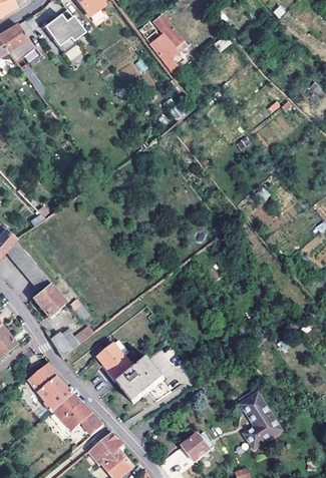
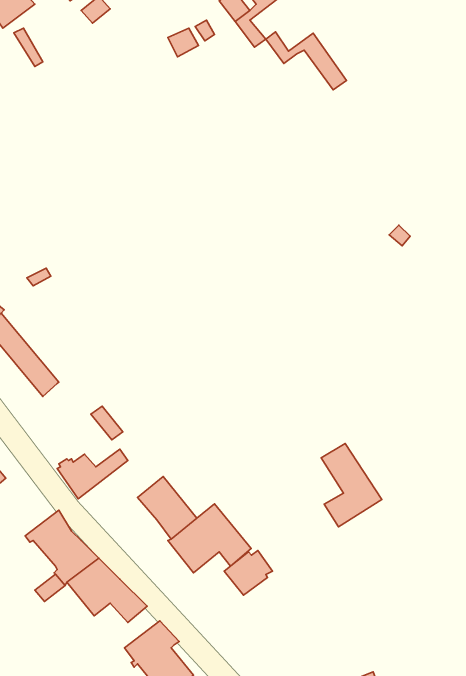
building: none -> [266,32,346,90]
building: [33,285,64,316] -> none
building: [243,396,281,448] -> [321,443,382,527]
building: [184,433,214,461] -> [224,550,272,595]

